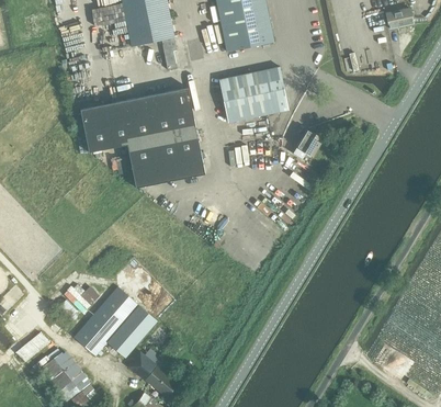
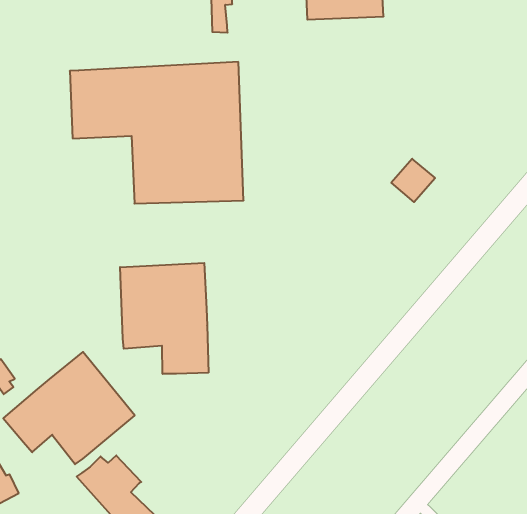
building: [219,67,289,123] -> none
building: none -> [120,263,208,374]

